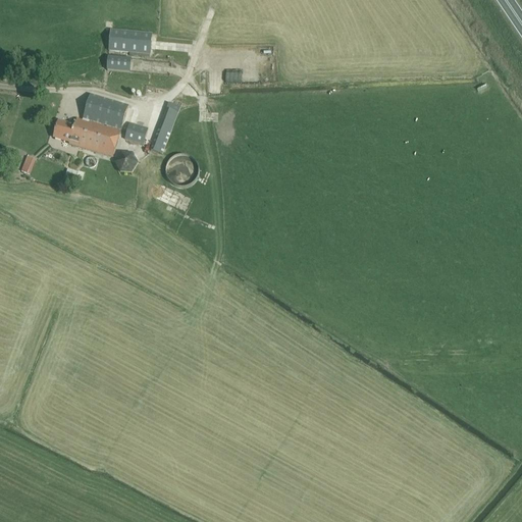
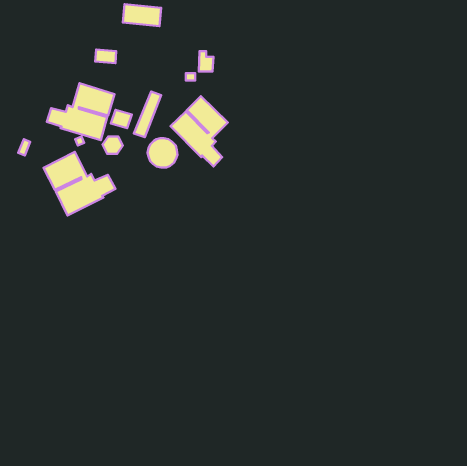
building: [108,29,151,53] -> [123,4,161,26]
building: none -> [171,96,228,167]
building: none -> [44,152,115,215]

